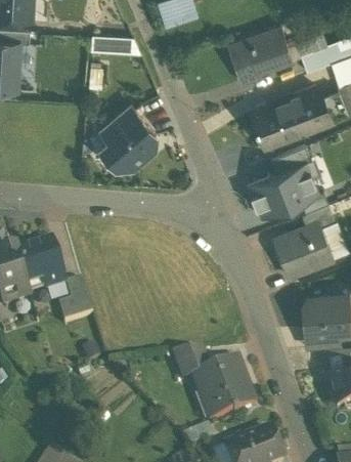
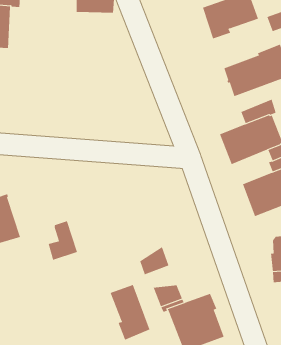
building: [100,106,157,168] -> none
building: [16,243,68,298] -> none
building: none -> [140,246,169,275]
building: none -> [110,284,150,341]

